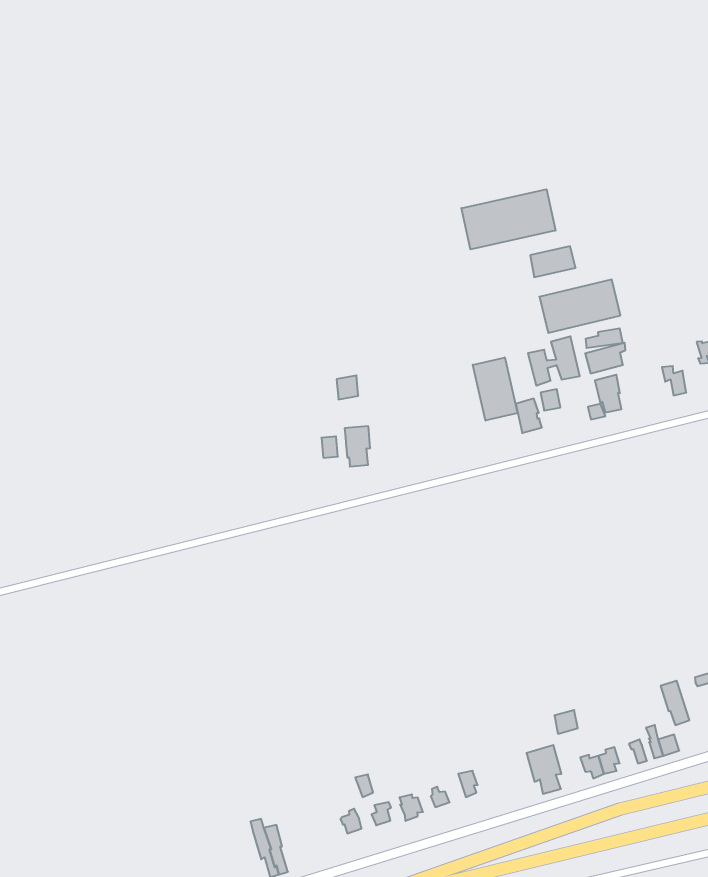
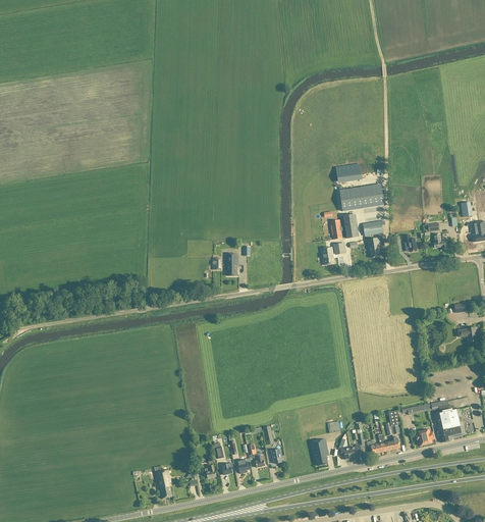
building: [461,189,556,249] -> none
building: [473,357,517,421] -> none

